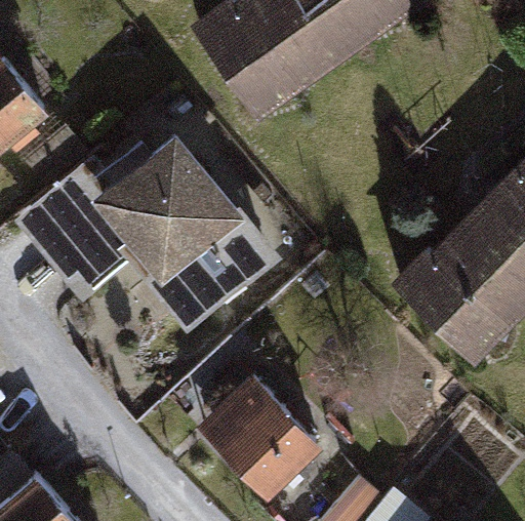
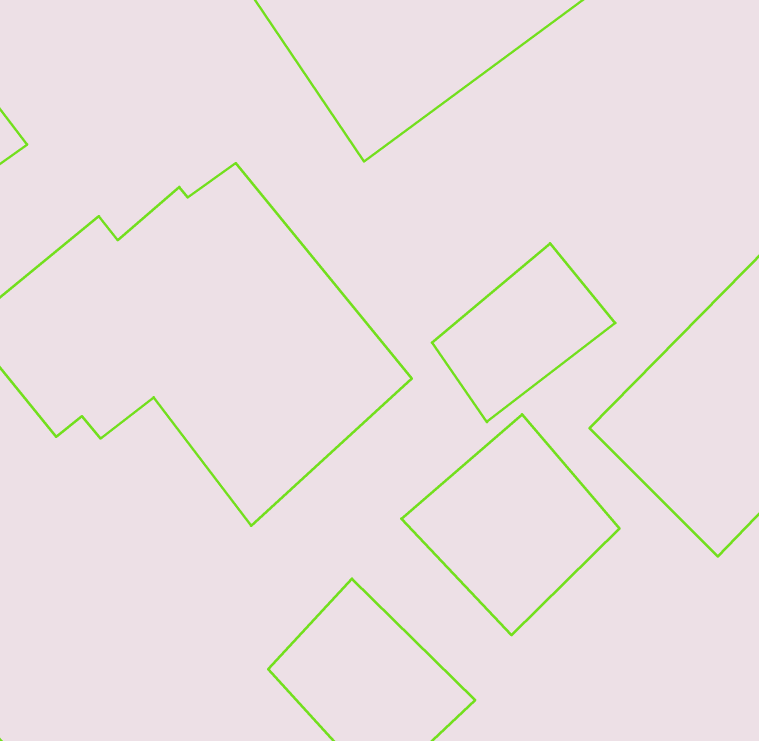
building: none -> [432,243,615,422]
building: none -> [401,414,619,635]

